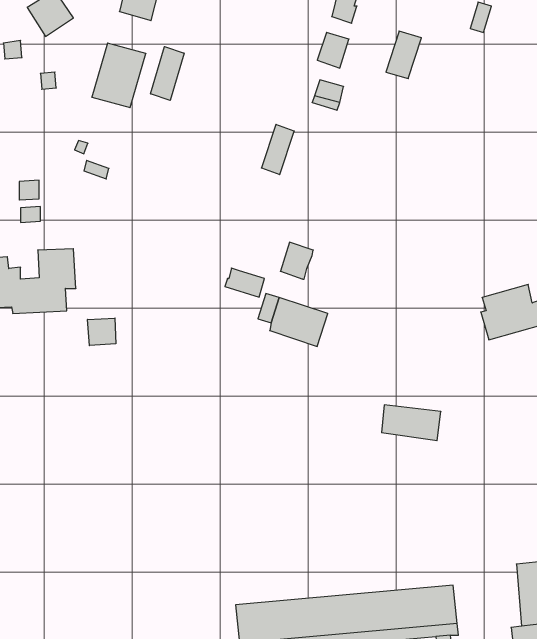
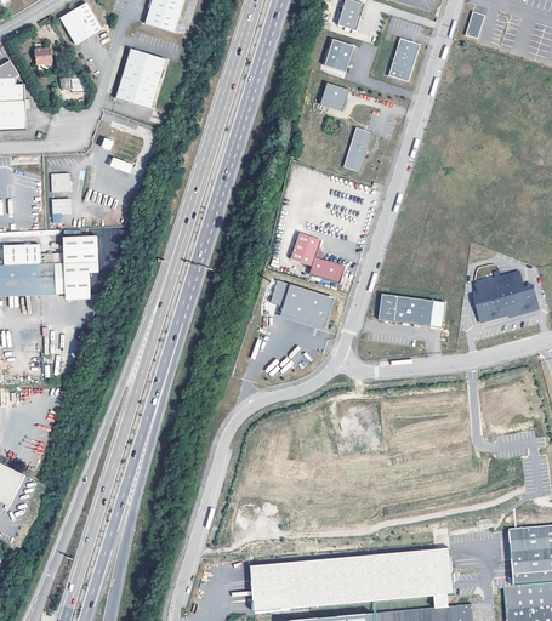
building: [151,47,184,100] -> none
building: [261,124,294,175] -> [342,126,372,172]
building: [225,268,264,297] -> [308,256,345,283]
building: [88,318,116,346] -> none
building: [382,405,441,441] -> [379,294,433,326]

